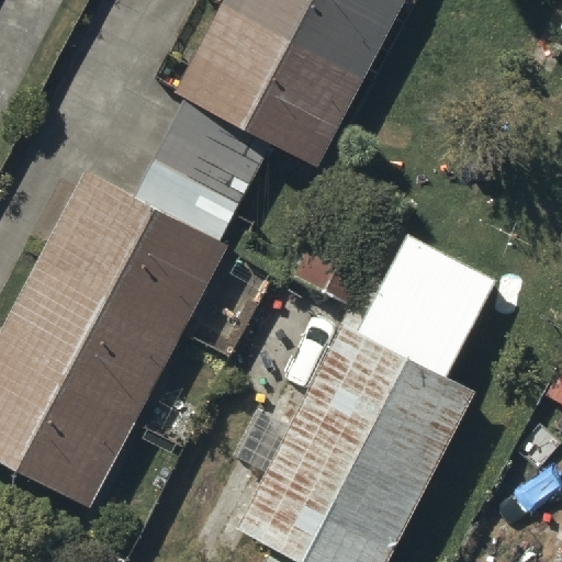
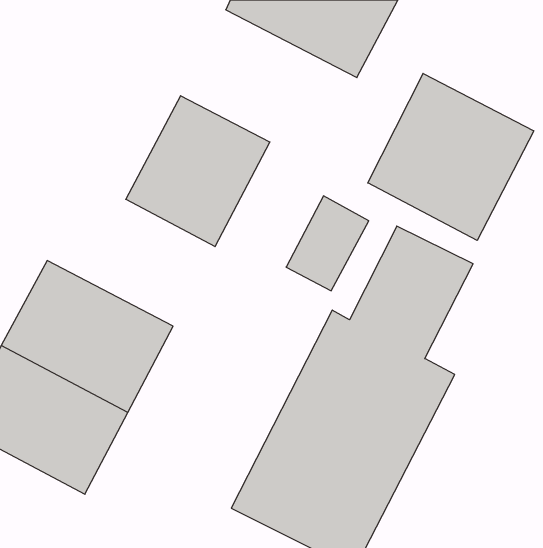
building: [184,12,364,169] -> none
building: none -> [368,73,534,240]
building: [48,186,220,335] -> none

